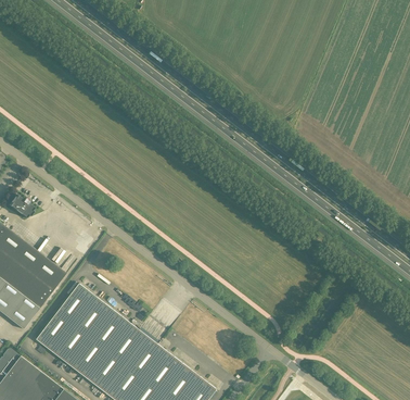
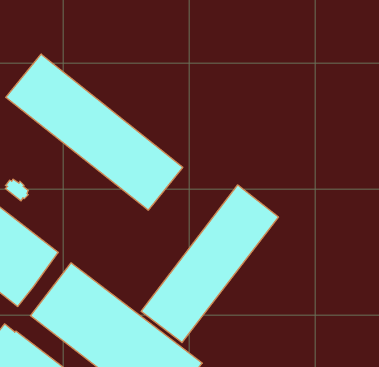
building: none -> [6,54,183,210]
building: none -> [141,185,278,343]

